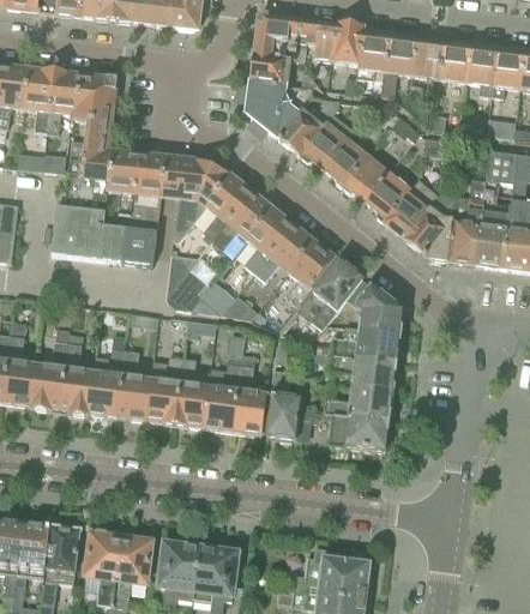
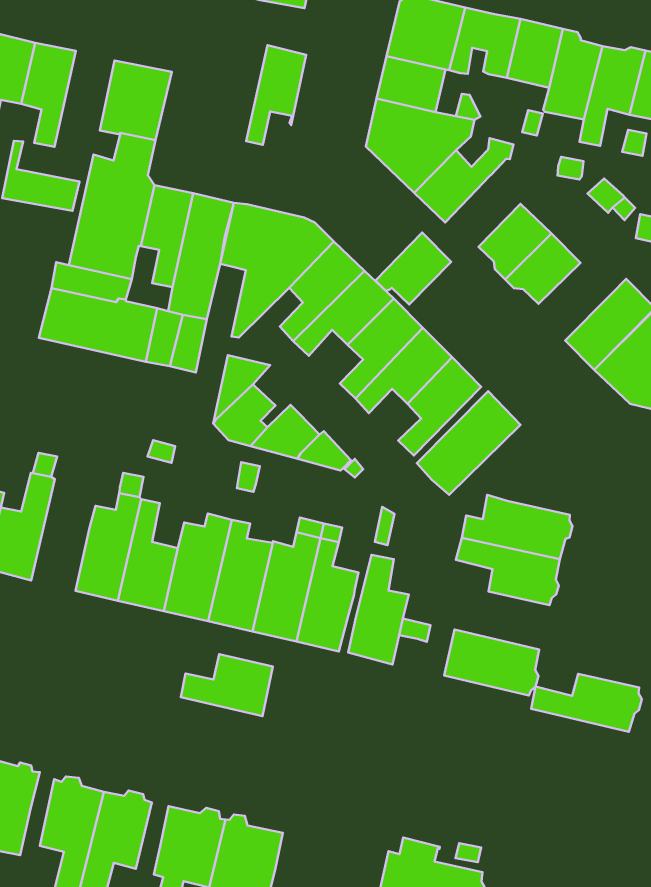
building: [48,70,80,133] -> [246,45,306,145]
building: [301,121,348,168] -> [376,232,451,305]
building: [366,171,411,222] -> none
building: [356,285,404,332] -> none
building: [61,343,95,413] -> none
building: [325,386,395,420] -> [531,674,642,732]
building: none -> [181,654,273,716]

